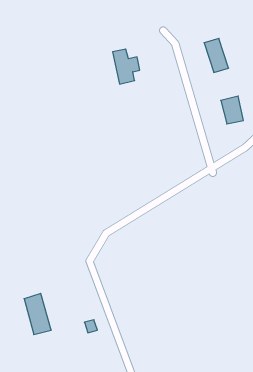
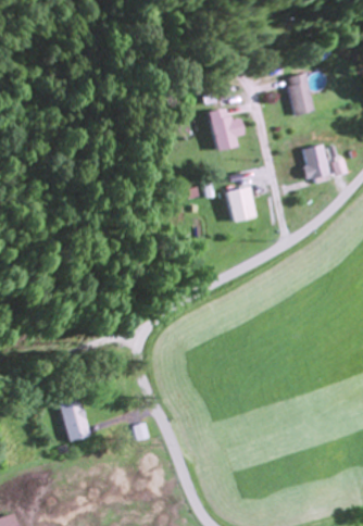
building: [113,49,140,84] -> [212,108,246,151]
building: none -> [230,187,258,222]

